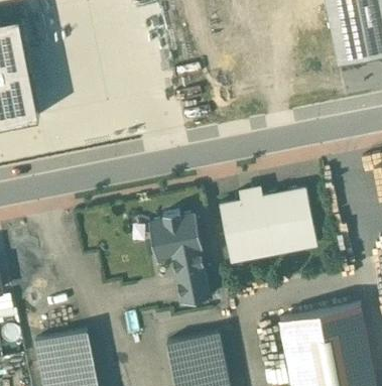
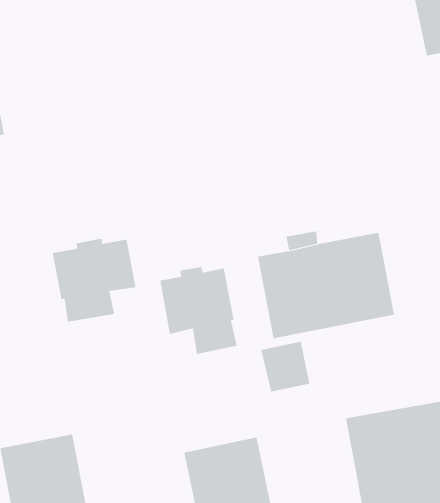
building: none -> [52,238,136,323]
building: [175,269,211,305] -> [260,341,310,392]

